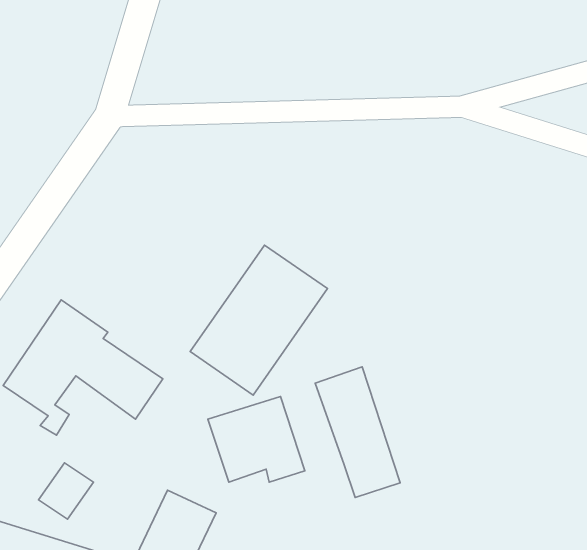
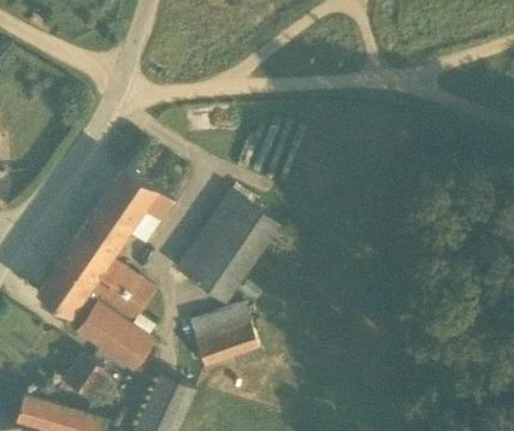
building: none -> [79,167,173,255]
building: [315,367,400,497] -> none
building: none -> [76,303,152,372]

